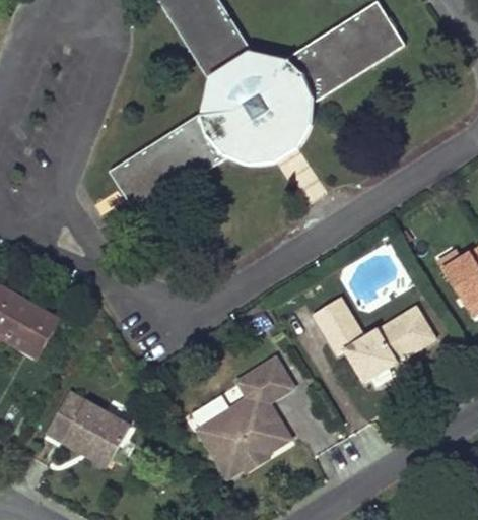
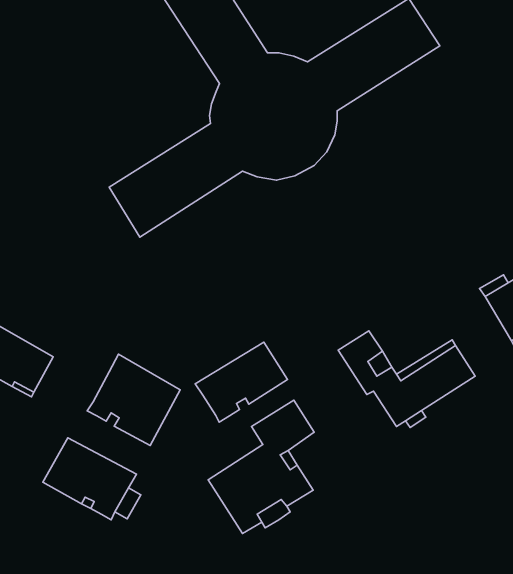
building: none -> [195,342,288,422]
building: none -> [87,354,180,445]

